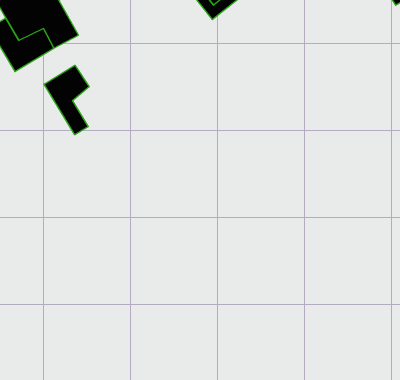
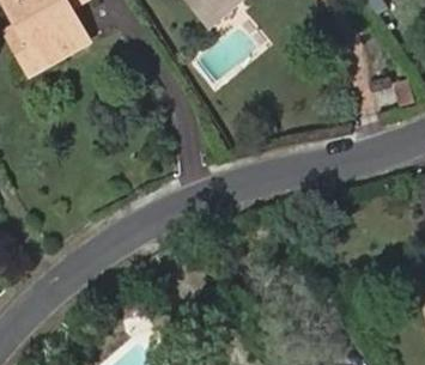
building: [44,65,89,135] -> none

